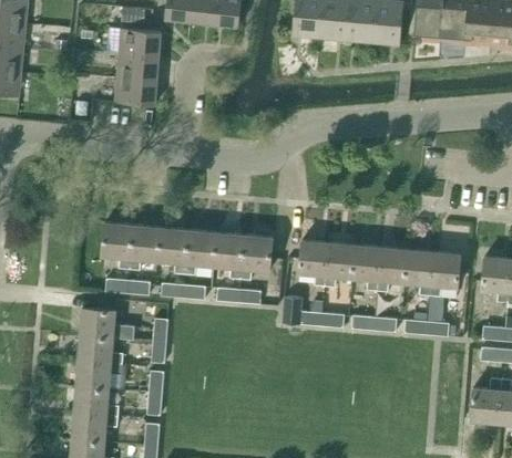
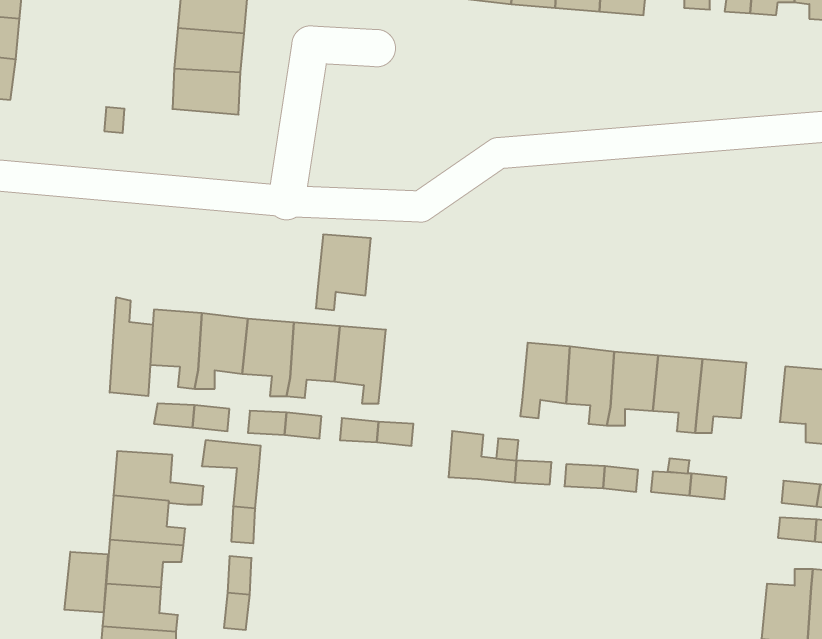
building: none -> [110,297,153,396]
building: [239,235,273,280] -> [316,235,371,310]
building: [299,240,329,287] -> none
building: none -> [64,552,108,613]

